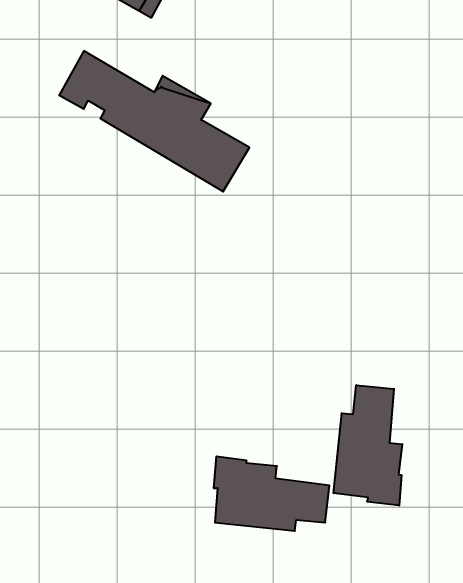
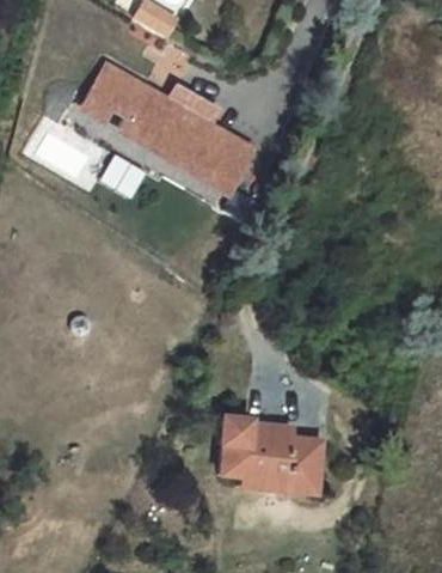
building: [334,385,402,506] -> none

